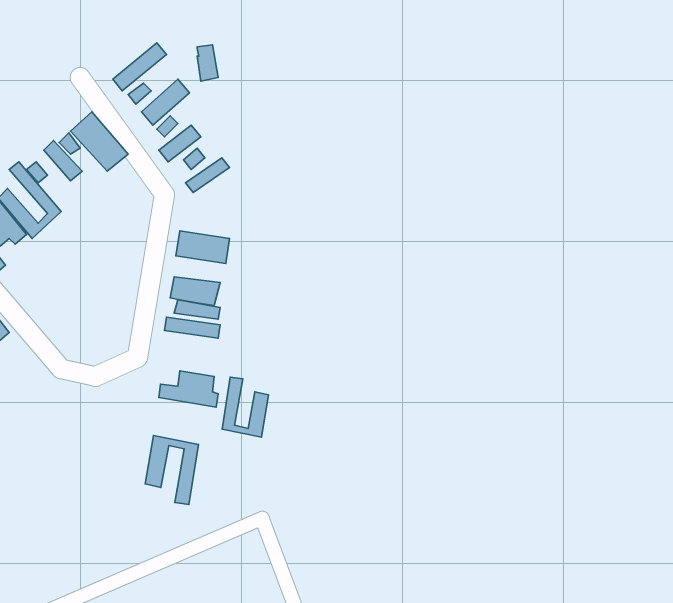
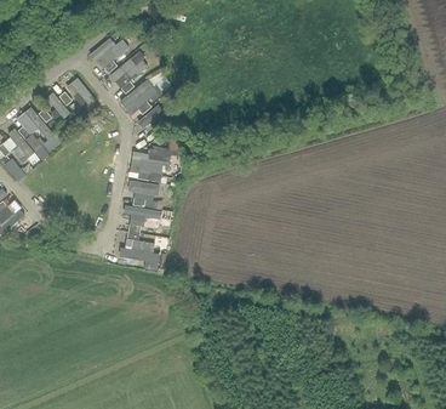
building: [222,377,268,437] -> none
building: [145,435,198,504] -> none

